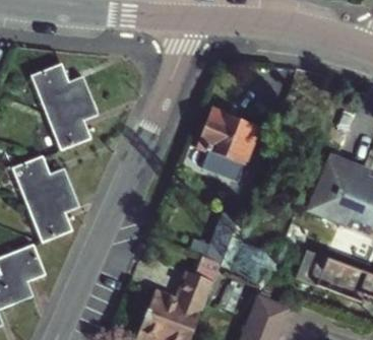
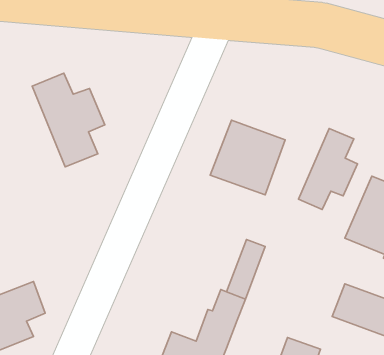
building: none -> [299,129,357,210]
building: [15,157,78,241] -> none

